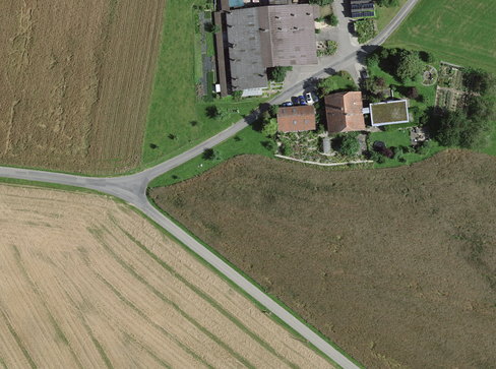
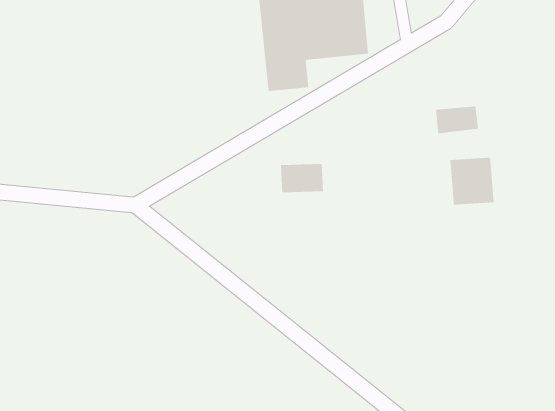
building: [325,93,362,132] -> [450,157,494,205]
building: [277,105,313,129] -> [280,163,324,193]

